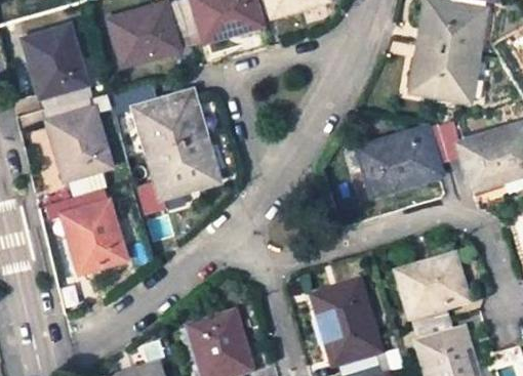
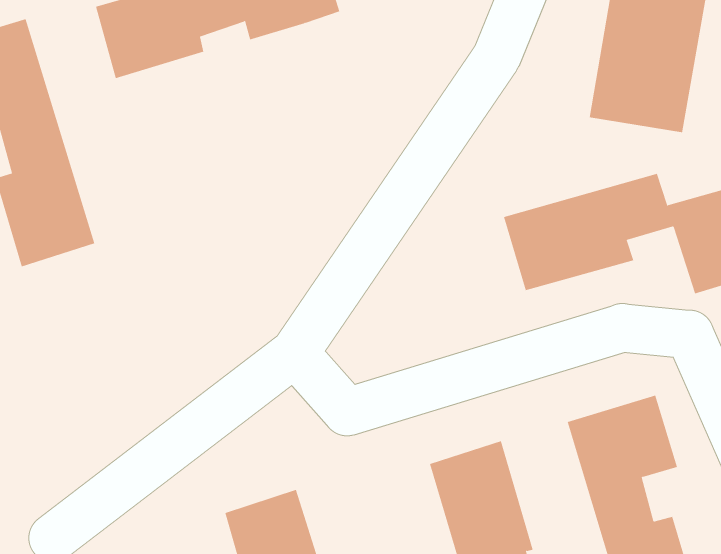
building: [119,88,218,214] -> none
building: [64,186,125,271] -> none

